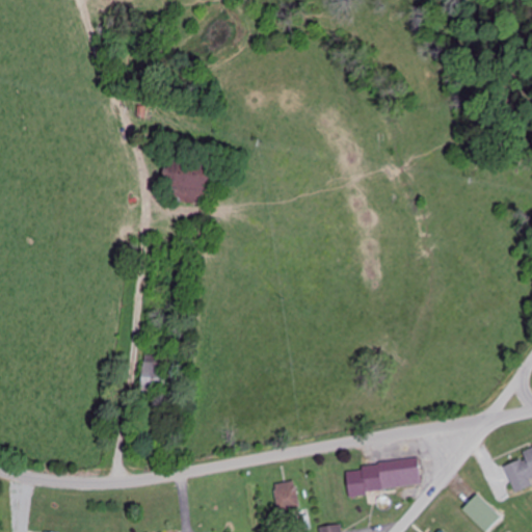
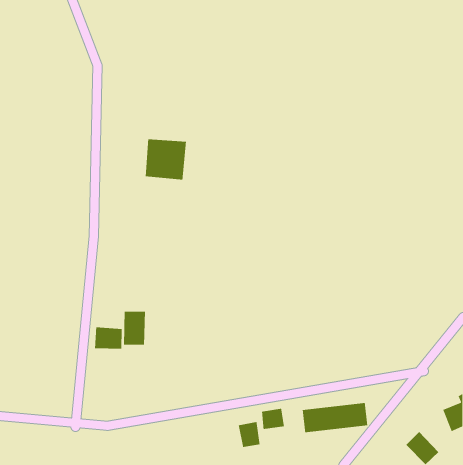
building: none -> [94,327,123,349]
building: none -> [261,408,285,430]

